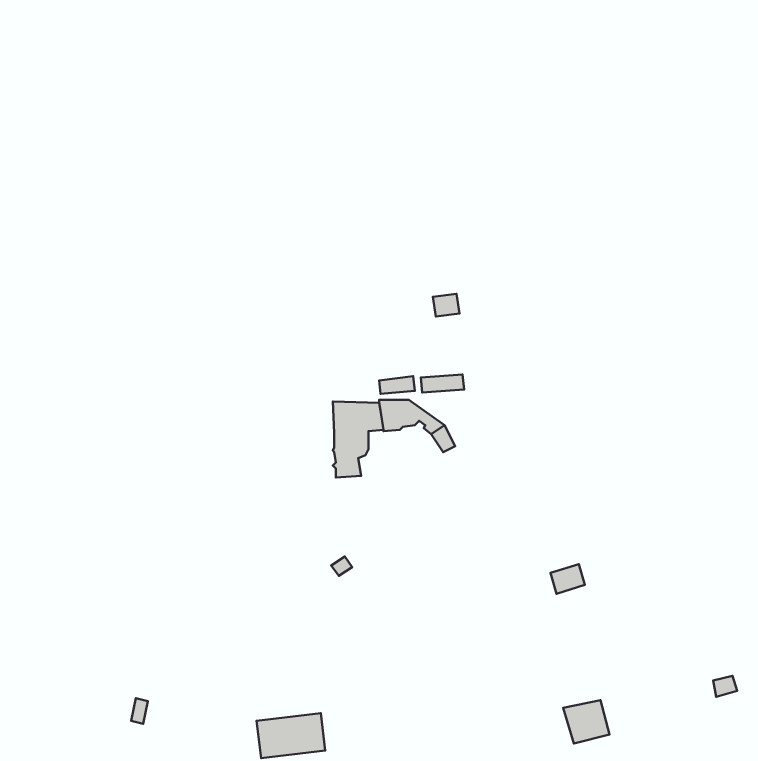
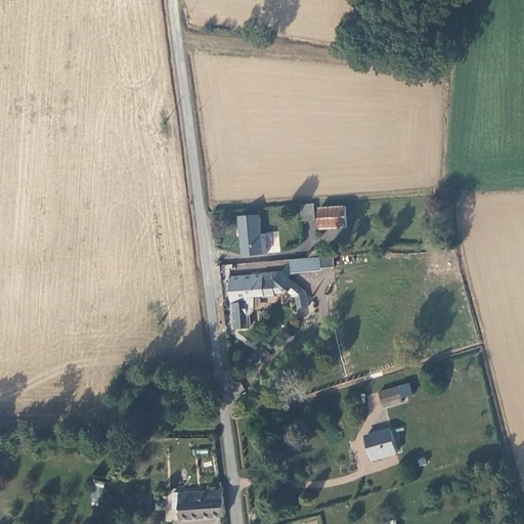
building: none -> [318,207,346,229]
building: none -> [238,215,265,256]
building: [563,700,610,744] -> [363,430,395,460]

